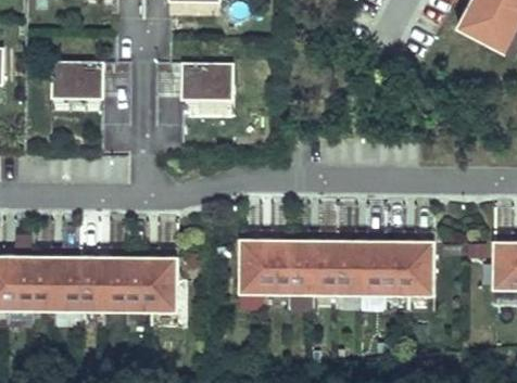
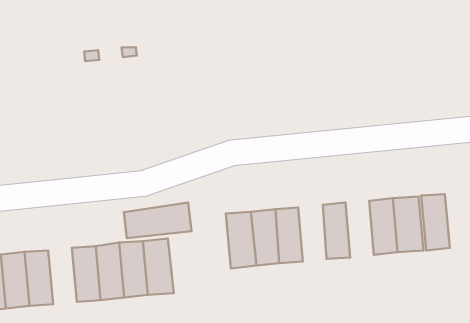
building: [49,61,101,98] -> none
building: [179,63,231,100] -> none
building: none -> [124,203,191,238]
building: [310,241,336,295] -> none
building: [357,241,382,296] -> [421,194,450,251]
building: [55,256,80,310] -> none

